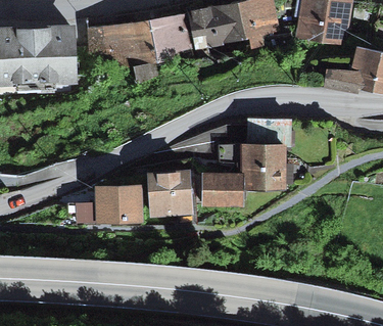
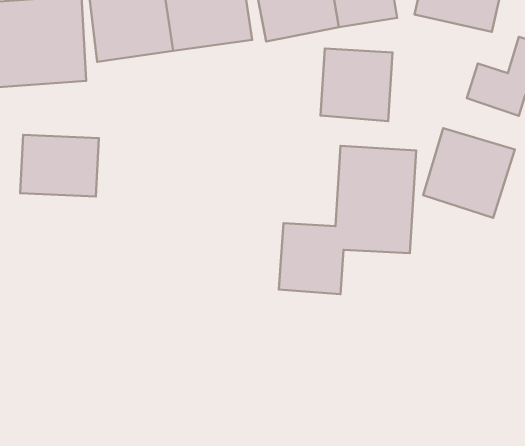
building: none -> [320,49,392,121]
building: none -> [423,128,515,218]
building: [147,170,195,219] -> none
building: [91,187,142,227] -> [20,135,99,196]

